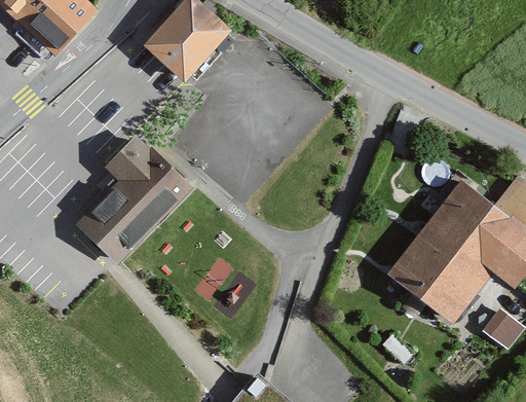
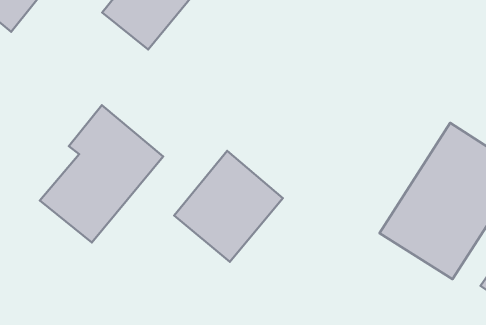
building: none -> [174,151,283,262]

